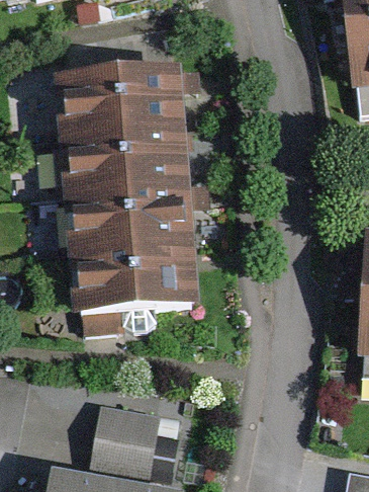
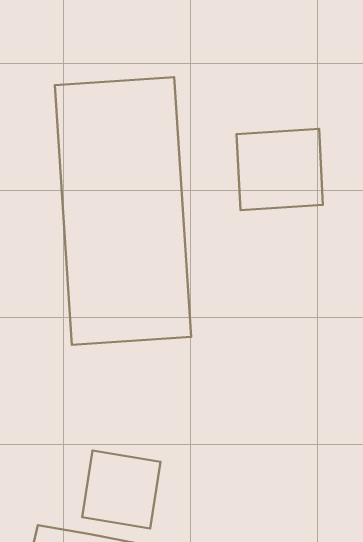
building: none -> [237,129,323,210]

